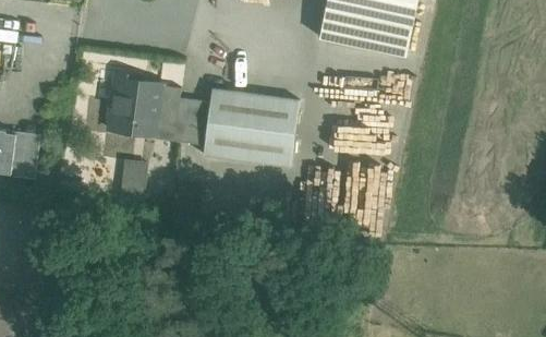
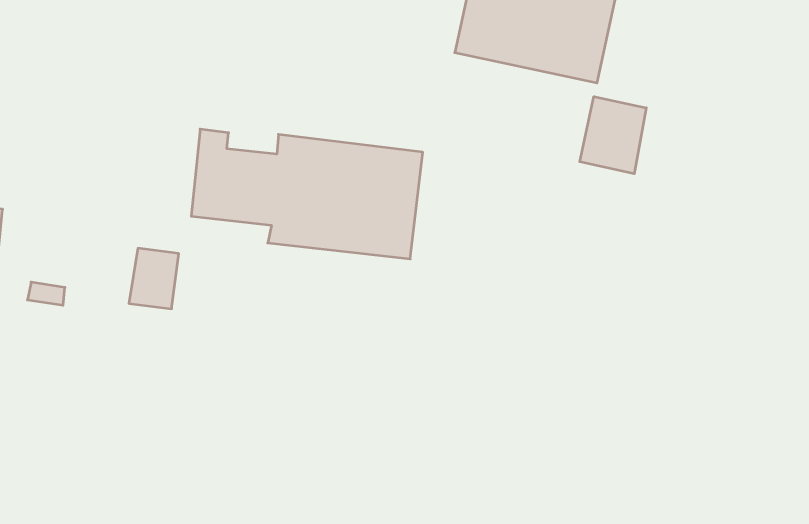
building: none -> [580,97,646,174]
building: [105,73,163,139] -> none

